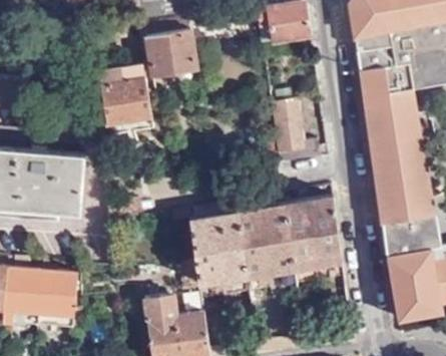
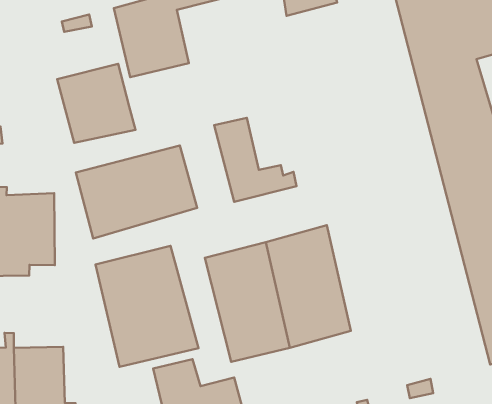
building: [271,101,328,163] -> [214,118,296,202]
building: none -> [76,145,197,238]
building: [286,197,345,285] -> none
building: none -> [95,246,198,367]

